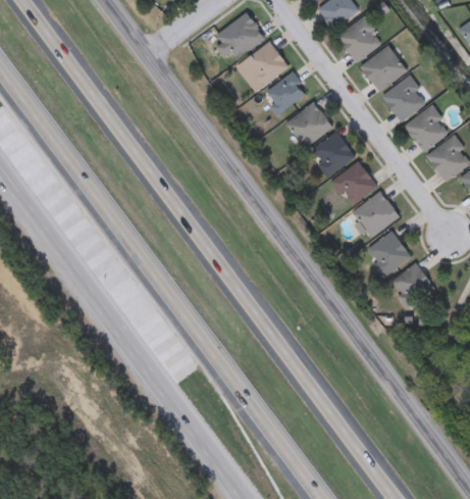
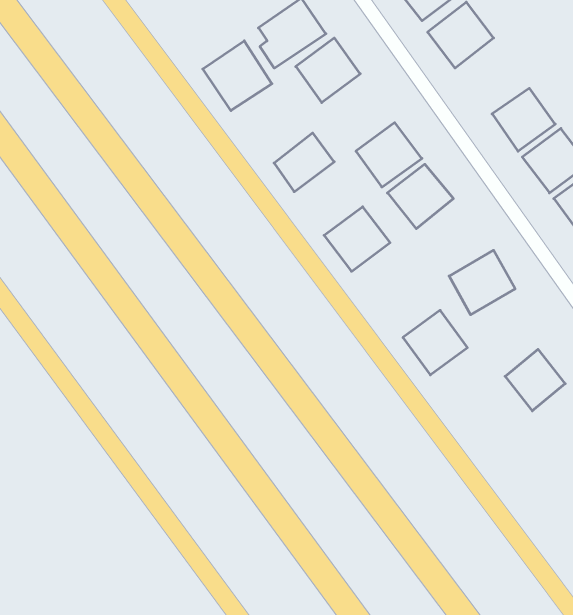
building: none -> [203,41,272,111]
building: [360,45,407,92] -> none
building: [264,71,307,113] -> [274,133,334,192]
building: [330,160,377,206] -> [324,207,390,271]
building: [365,231,411,277] -> [403,310,467,375]

